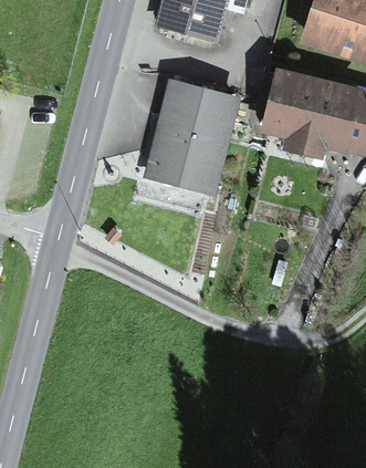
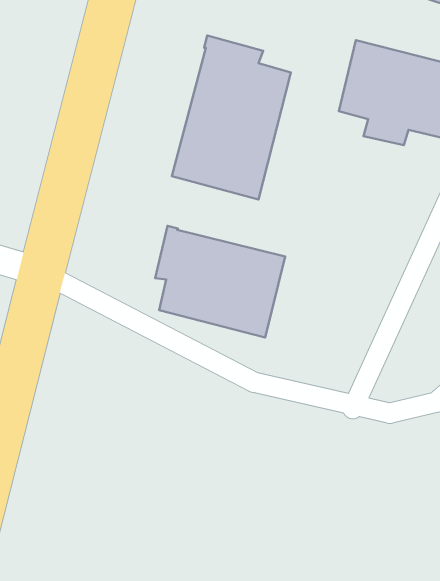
building: none -> [155,226,285,337]

